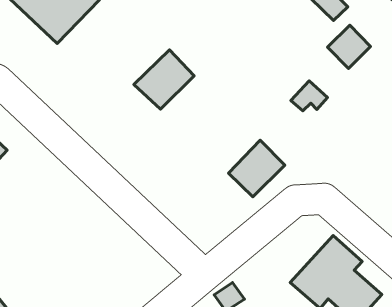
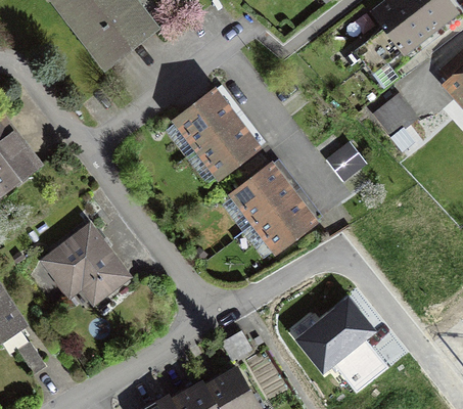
building: none -> [197,120,257,177]
building: none -> [233,165,291,222]
building: none -> [43,226,128,297]

